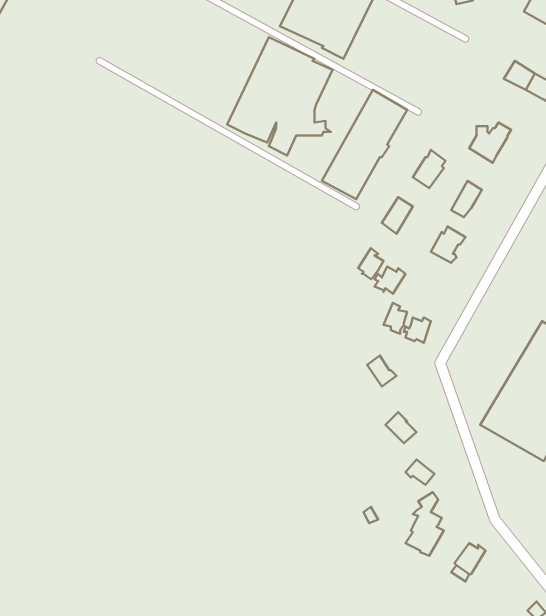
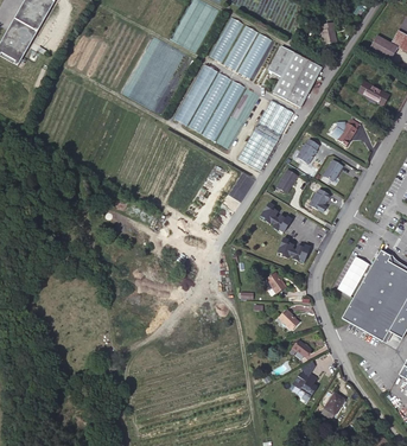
building: none -> [273,52,322,106]

